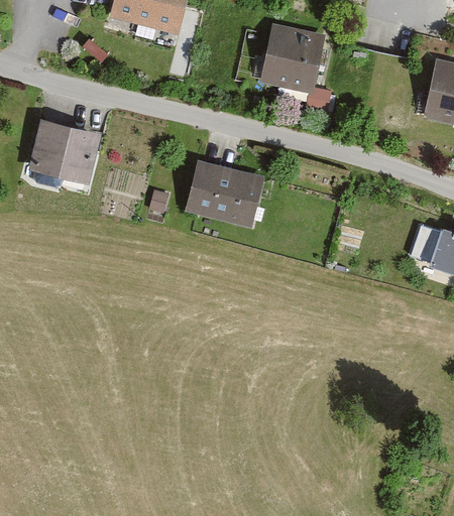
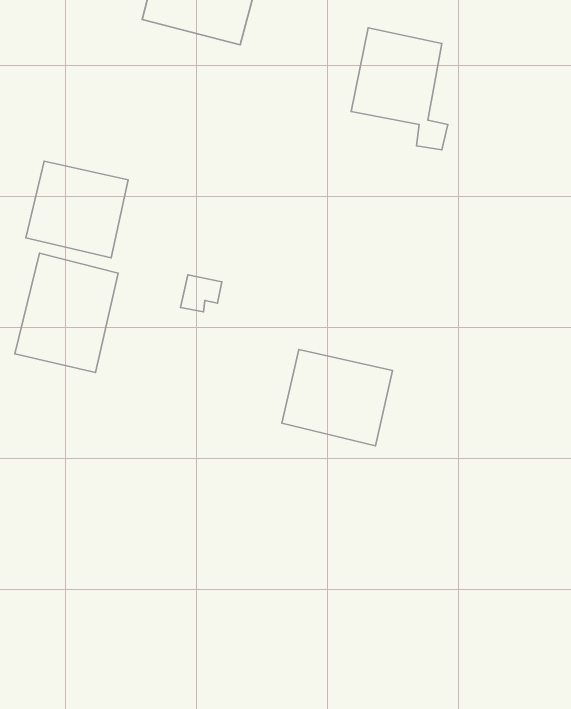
building: [186,159,264,228] -> [282,349,392,446]
building: none -> [15,253,118,373]

